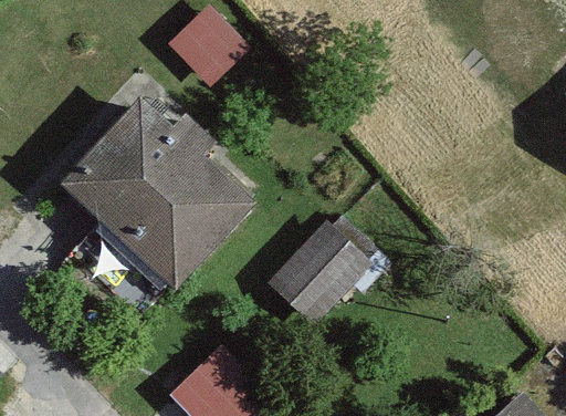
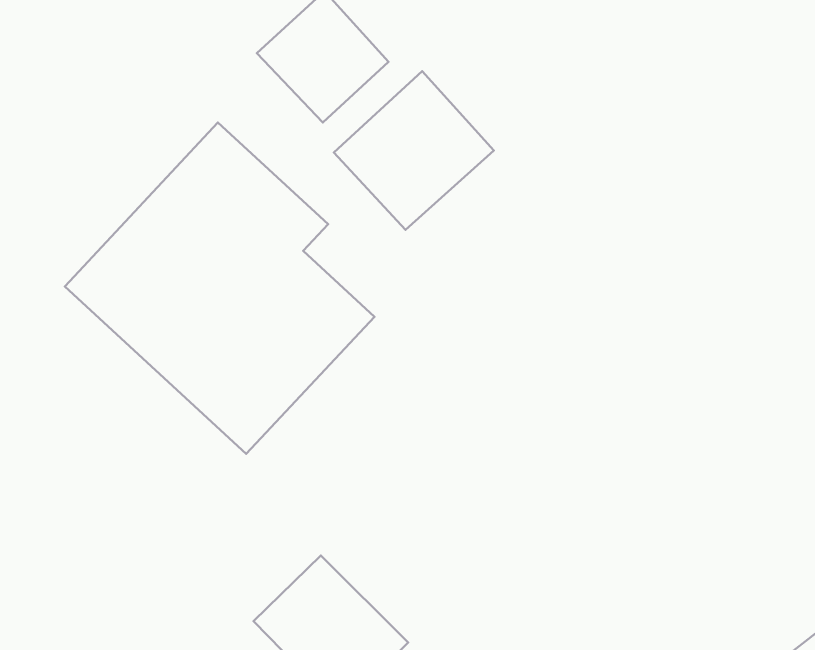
building: none -> [334,71,494,230]
building: [280,228,368,318] -> none

